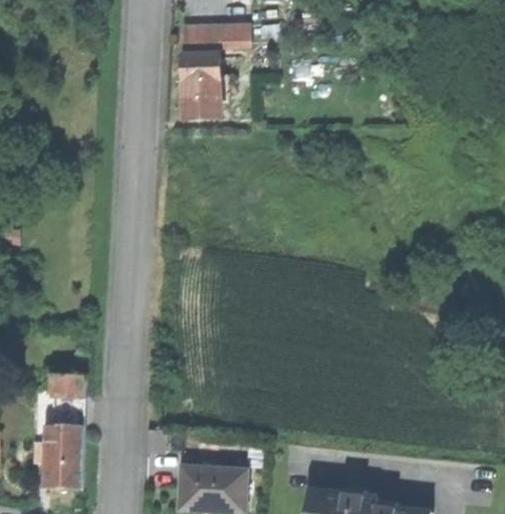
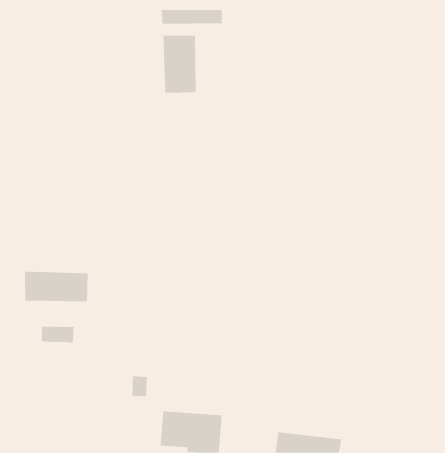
building: none -> [25,271,88,302]
building: [44,425,83,487] -> none

